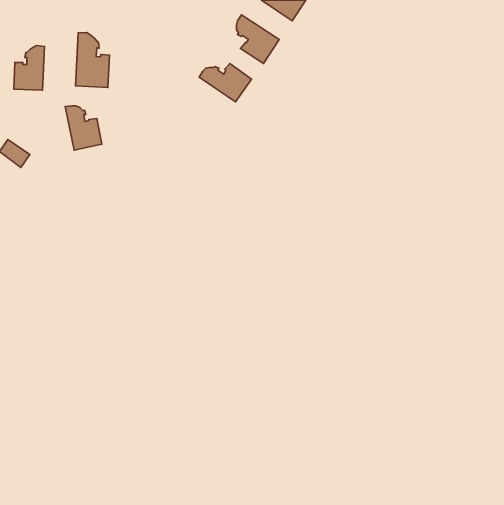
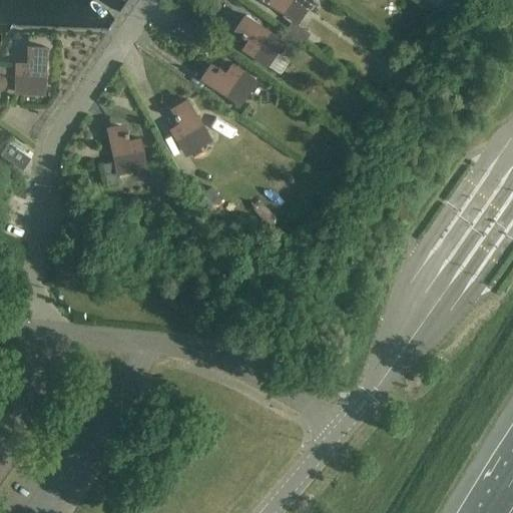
building: [76,33,110,88] -> none
building: none -> [166,98,210,156]
building: [65,106,102,150] -> [107,127,144,172]

